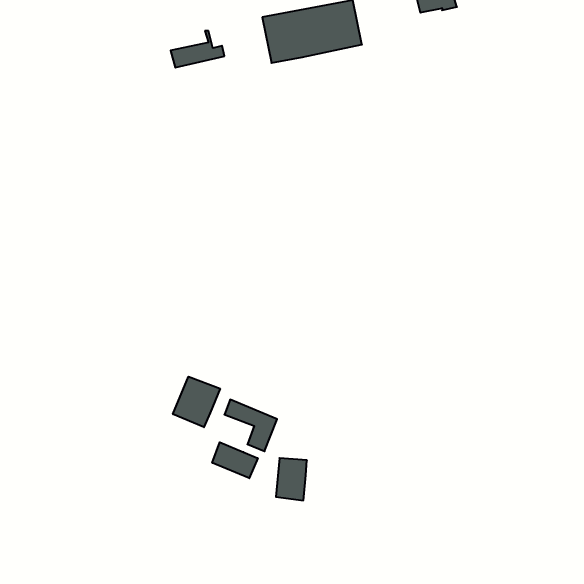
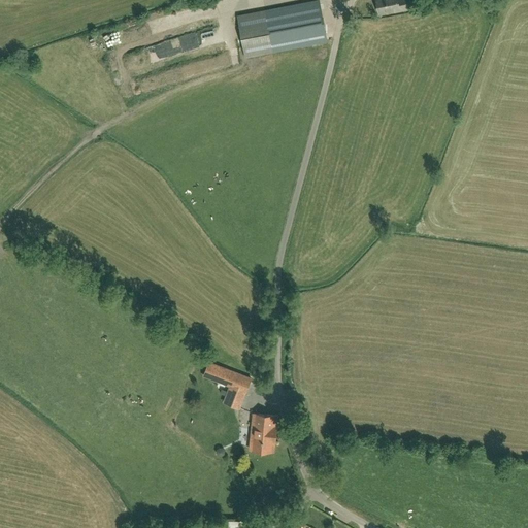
building: [173,377,220,427] -> none
building: [212,442,258,478] -> none

